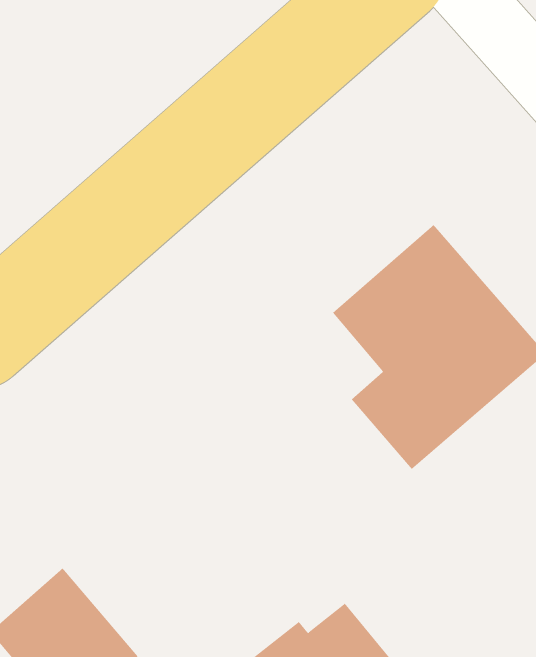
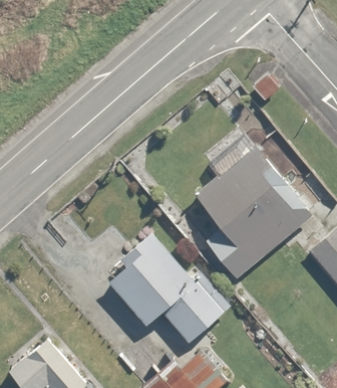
building: none -> [108,228,232,341]

